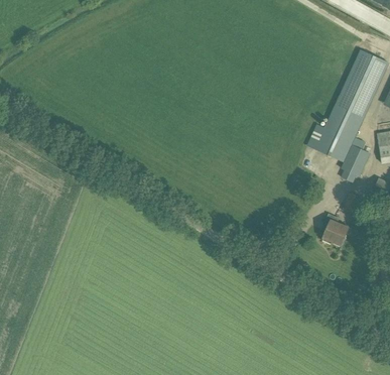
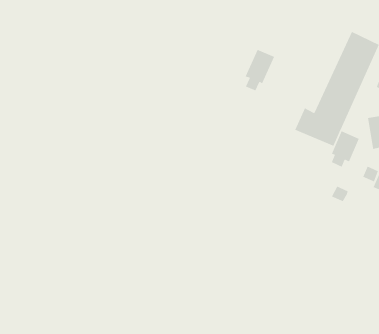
building: none -> [245,49,275,91]
building: [321,214,348,246] -> none

